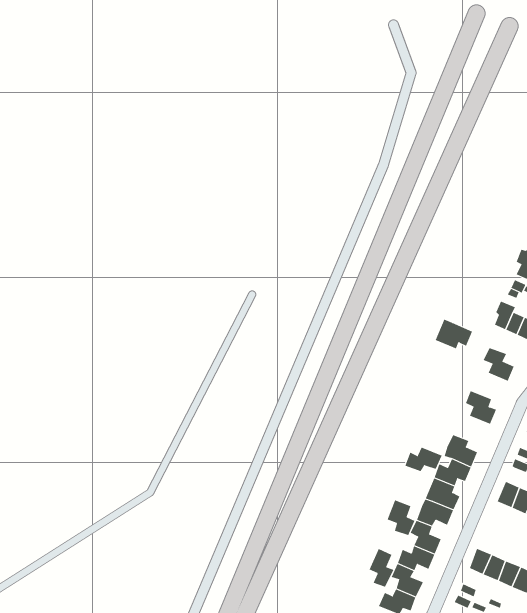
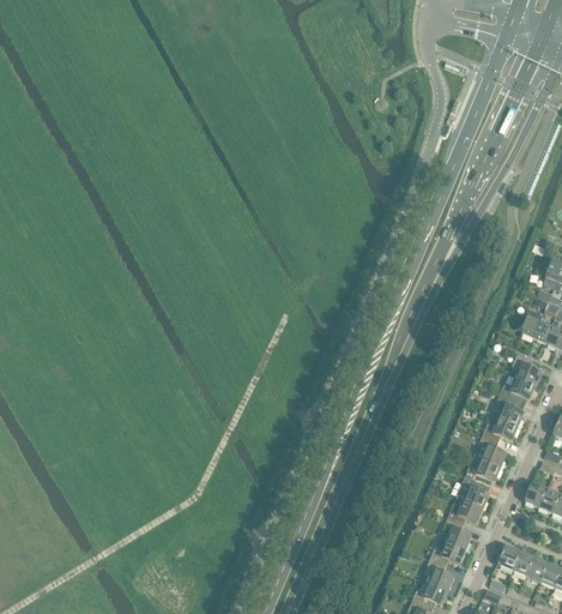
building: [435,319,473,349] -> [501,374,537,403]
building: [405,447,442,472] -> [484,419,520,443]
building: [387,499,415,536] -> none
building: [369,548,394,588] -> none

